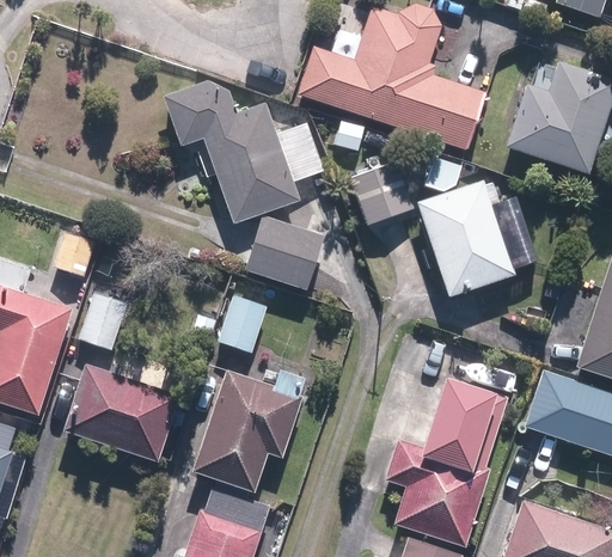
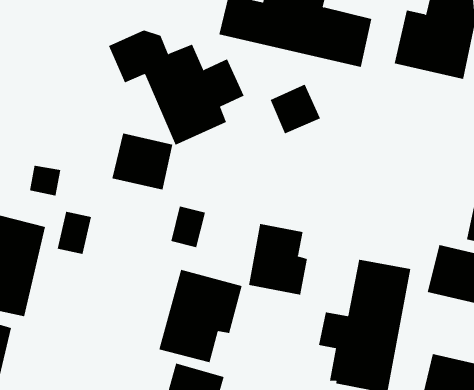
building: [418,179,516,296] -> none
building: [246,218,324,290] -> [111,133,173,190]
building: none -> [248,223,307,295]
building: [66,365,182,461] -> none

